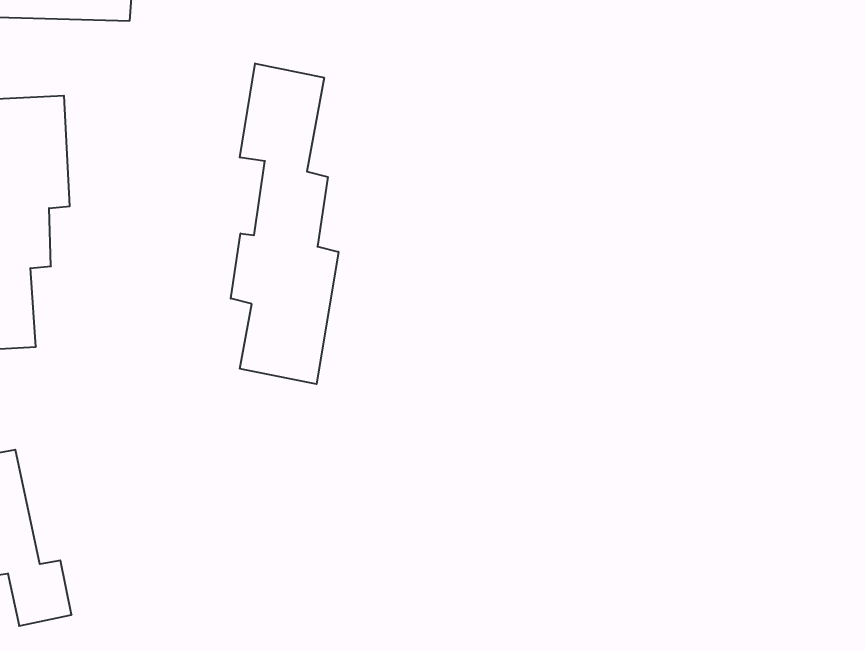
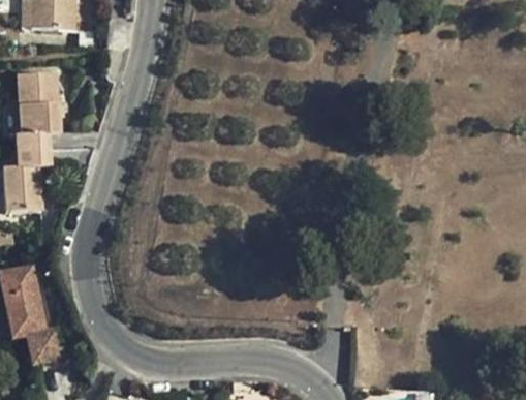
building: [231,63,338,384] -> none

